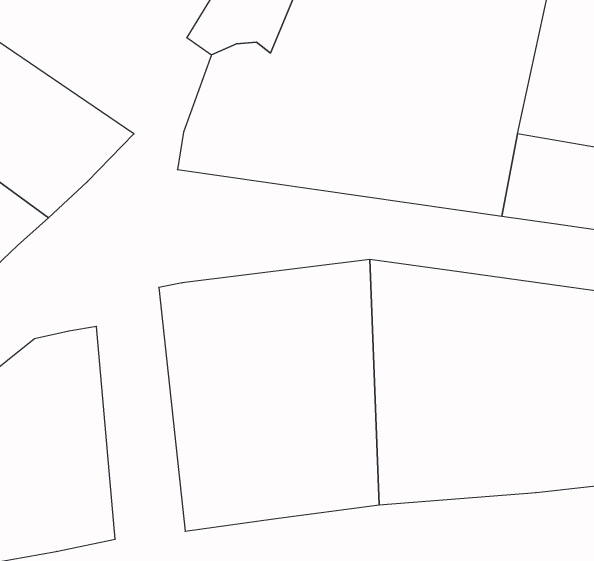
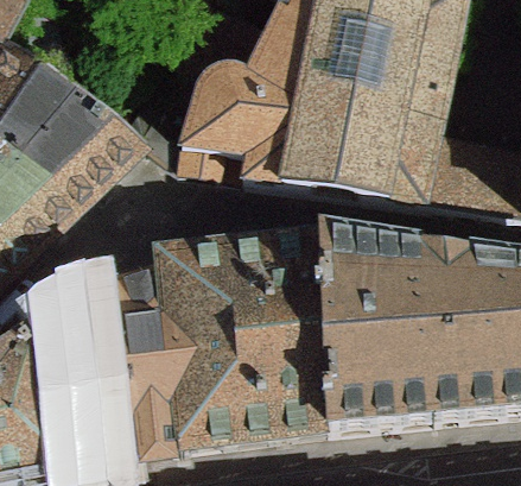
building: none -> [116,254,184,447]

